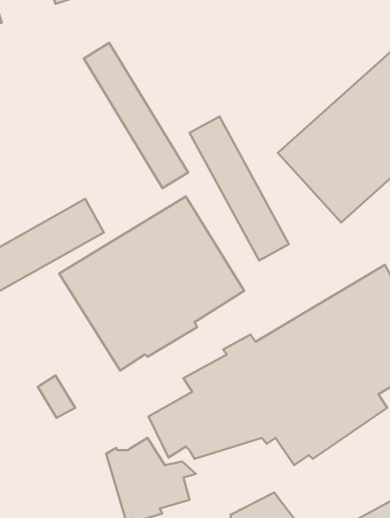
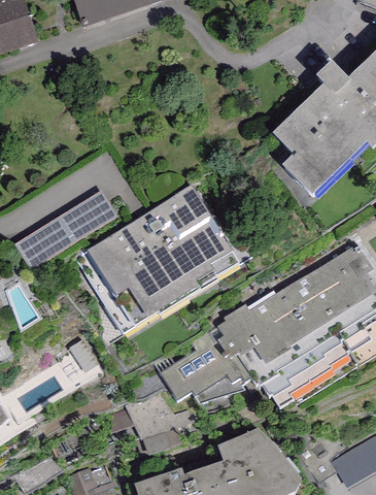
building: [84,43,188,188] -> none
building: [190,116,289,260] -> none

